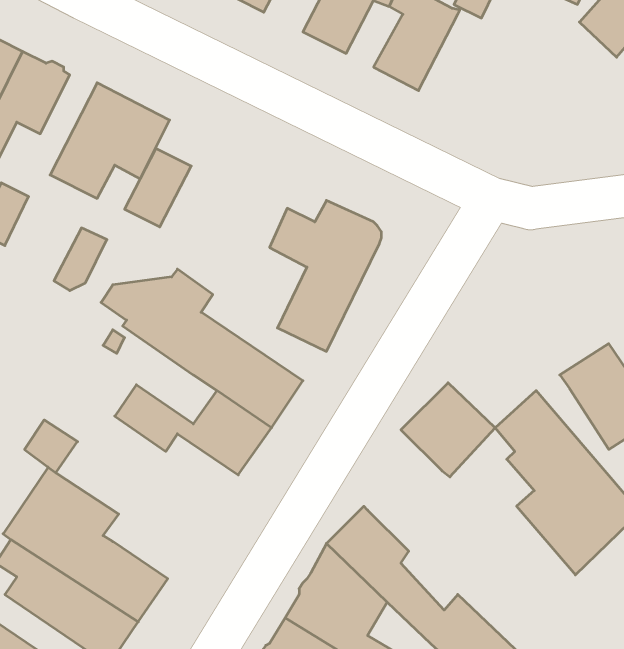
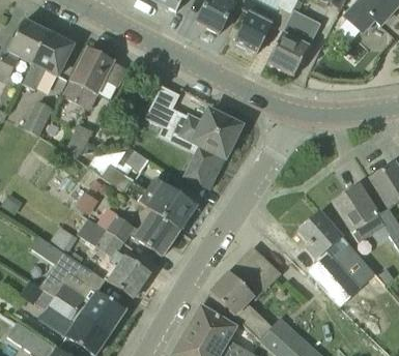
building: none -> [266,25,316,76]
building: [125,149,191,227] -> [144,85,179,126]
building: [401,383,495,477] -> [230,248,280,298]
building: none -> [76,217,149,298]

